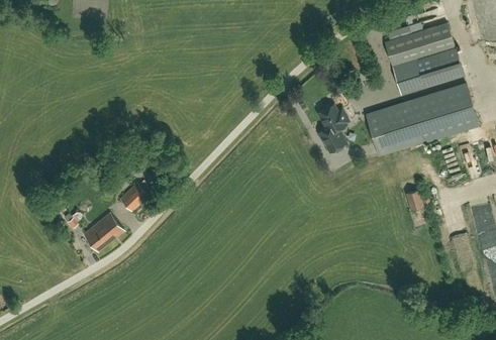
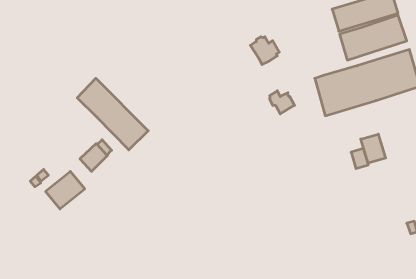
building: [318,104,349,133] -> [250,37,279,65]
building: none -> [77,78,148,150]
building: none -> [361,134,386,163]

